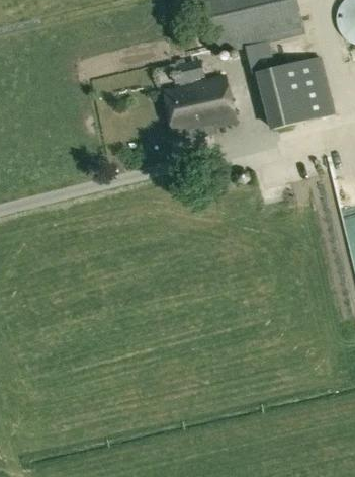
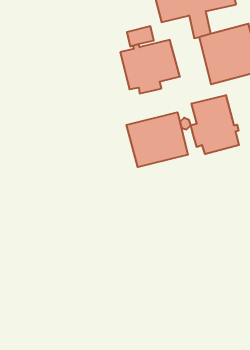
building: none -> [191,95,239,154]
building: none -> [126,112,188,167]

